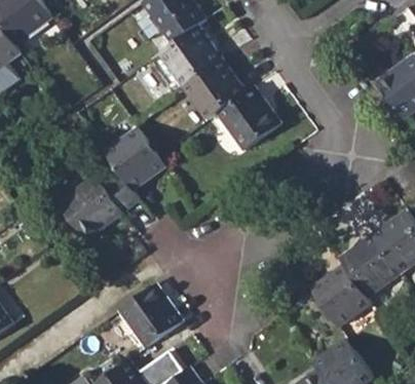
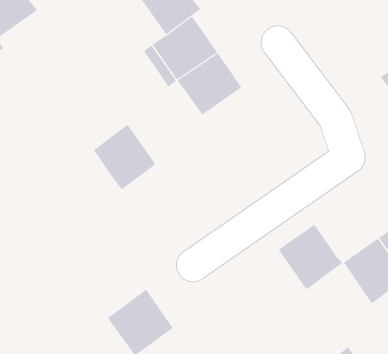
building: [218,85,280,149] -> none
building: [58,172,139,237] -> none
building: [311,265,373,328] -> [278,224,343,290]

